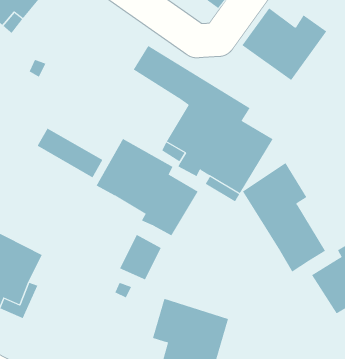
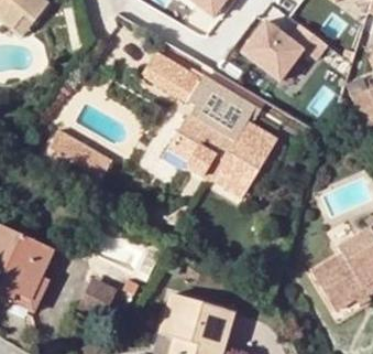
building: [96,138,199,236] -> none
building: [242,162,326,273] -> none
building: [119,234,162,280] -> [75,273,116,318]

